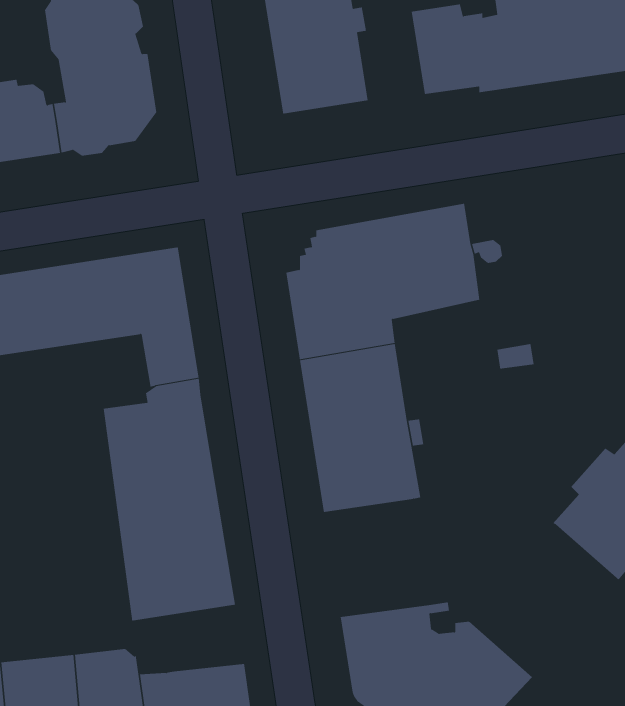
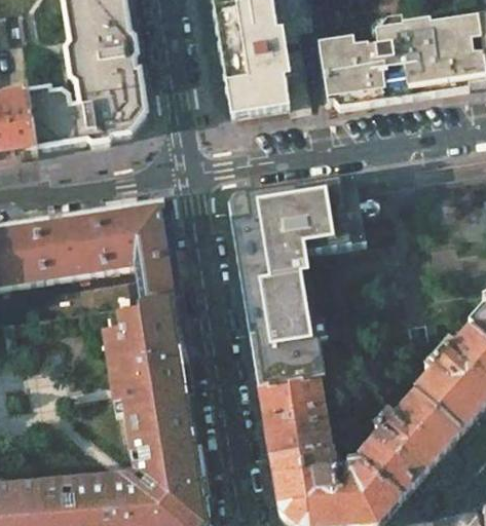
building: none -> [257,375,329,455]
building: none -> [357,392,458,496]
building: none -> [126,447,203,494]

